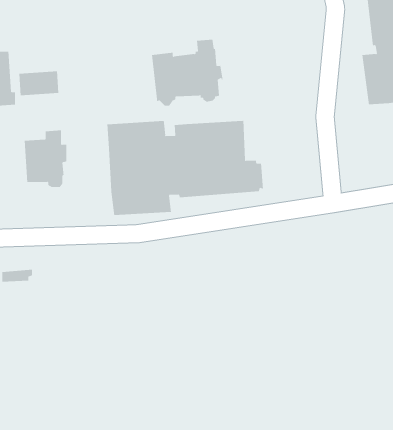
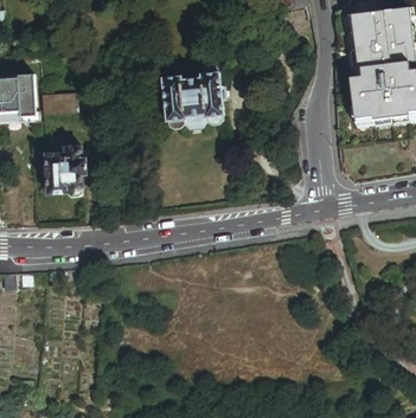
building: [107,120,263,216] -> none

